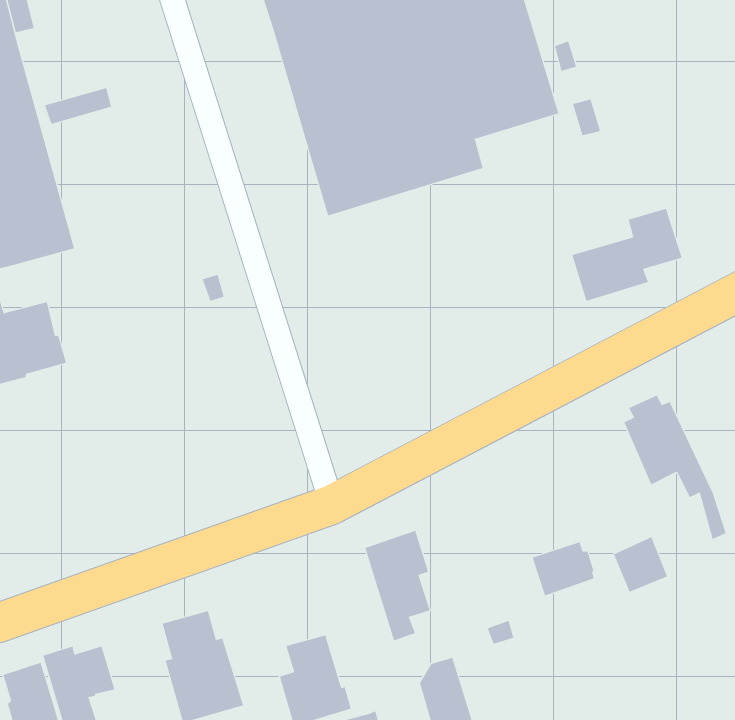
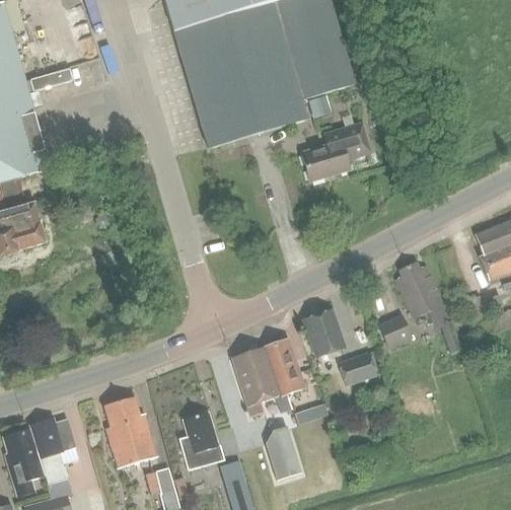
building: [572,208,683,301] -> [301,122,371,180]
building: none -> [302,309,346,358]
building: none -> [265,338,304,412]
building: [613,536,668,593] -> [378,314,413,350]

